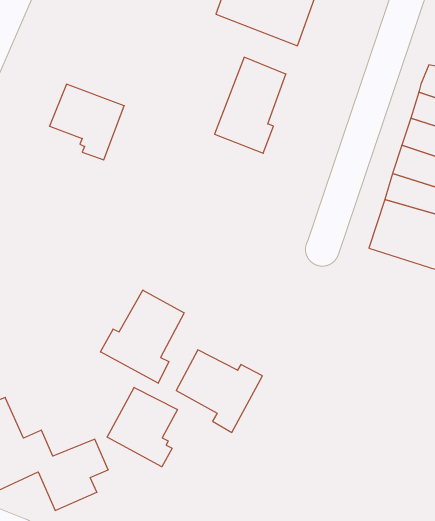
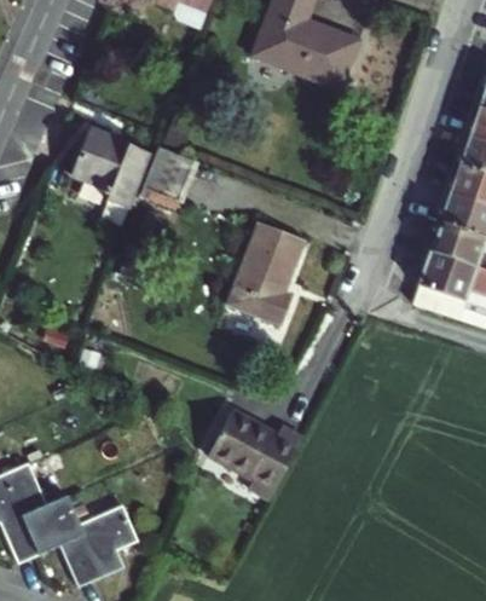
building: [215,57,286,153] -> [227,221,303,324]
building: none -> [143,144,193,200]
building: [100,290,184,383] -> none
building: [107,387,177,467] -> none

